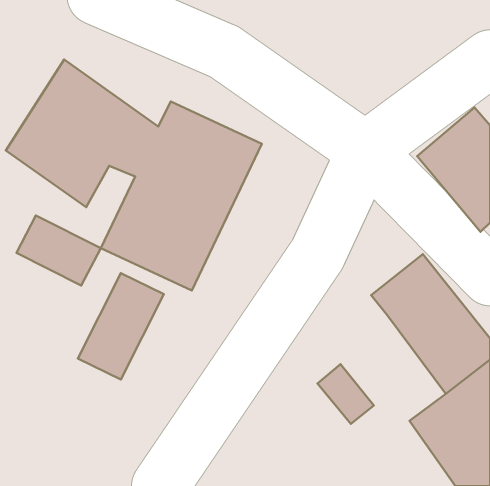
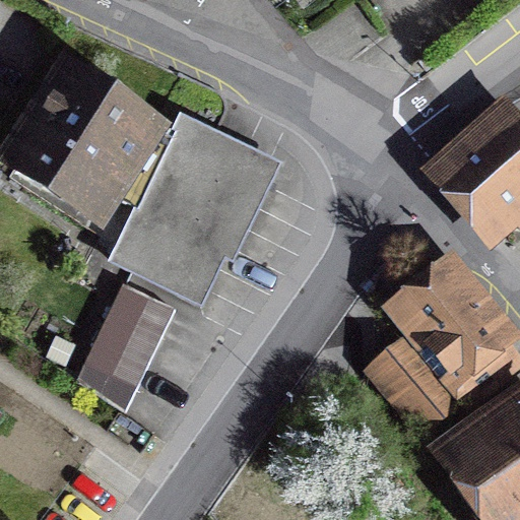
building: [16,215,101,286] -> none
building: none -> [372,334,472,446]

